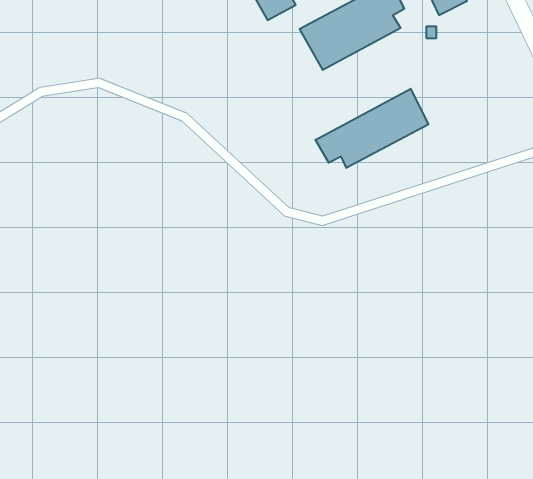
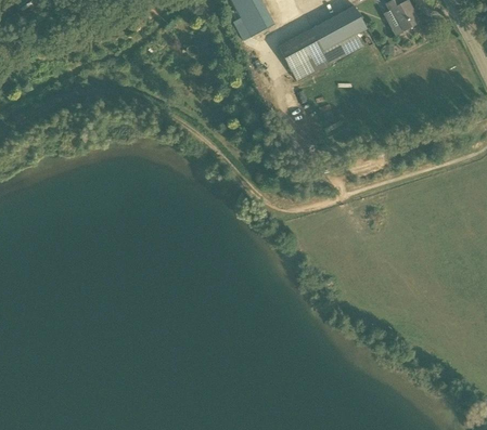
building: [315,89,428,168] -> none

